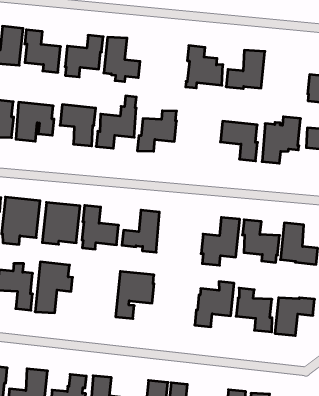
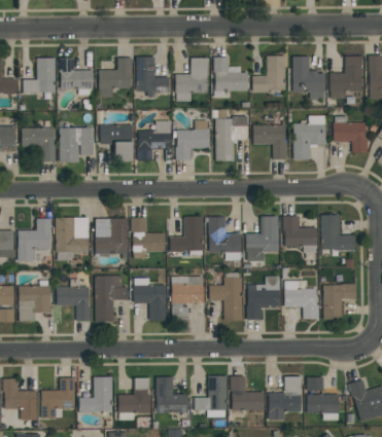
building: none -> [175,58,207,101]
building: none -> [292,57,324,100]
building: none -> [215,116,247,160]
building: none -> [208,217,241,260]
building: none -> [133,279,166,321]
building: none -> [209,272,242,321]

